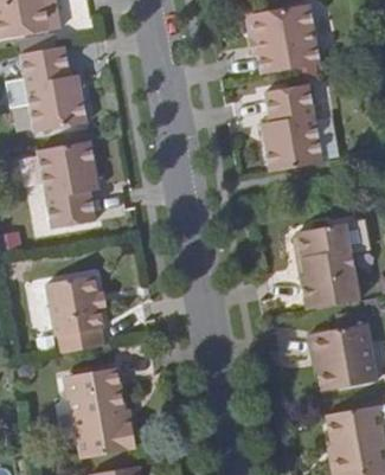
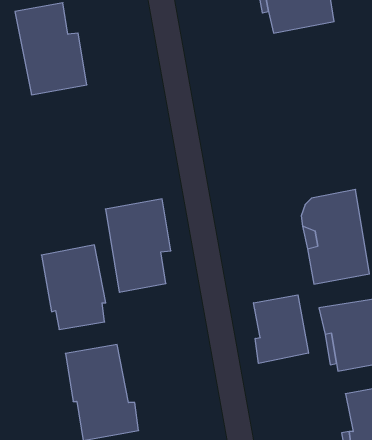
building: [262,84,323,172] -> none
building: [38,142,100,230] -> [105,199,171,292]
building: none -> [254,295,308,363]

